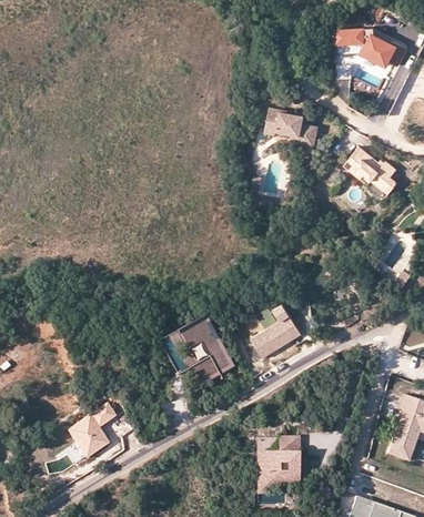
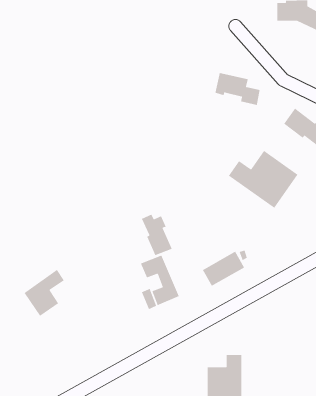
building: none -> [228,150,299,209]
building: none -> [141,213,173,256]
building: [68,402,115,457] -> [24,269,65,317]

